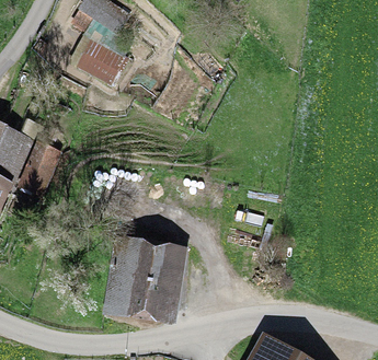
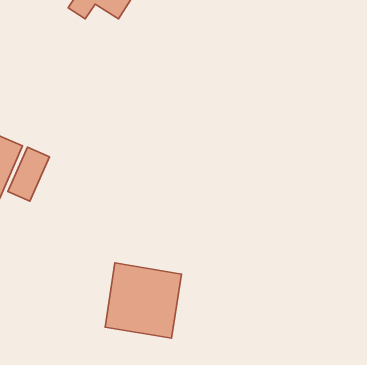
building: [78,37,128,83] -> none

